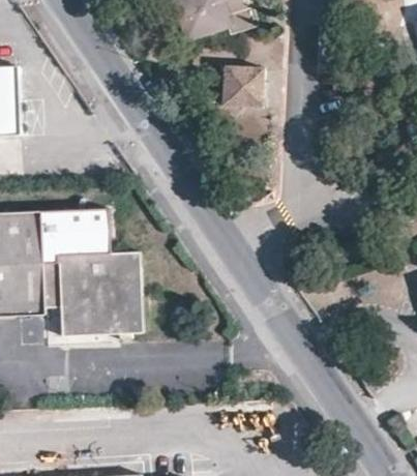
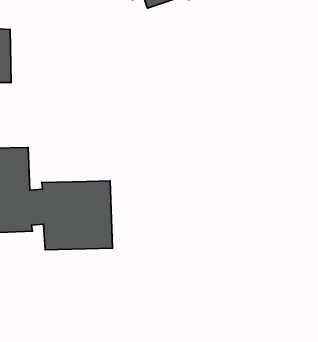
building: [225,69,265,110] -> none
building: [40,206,112,262] -> none

